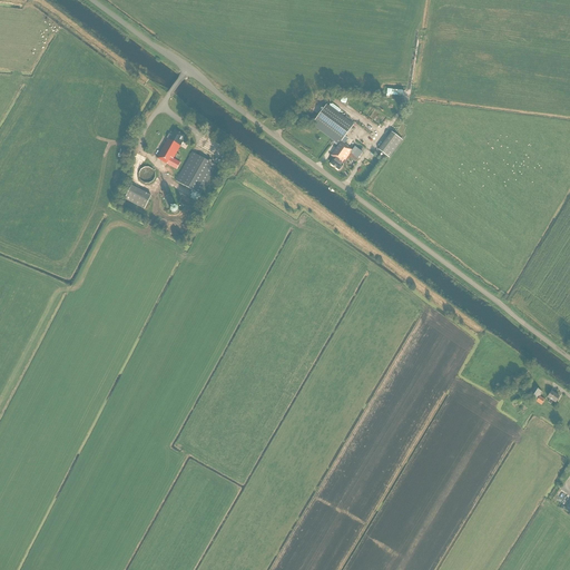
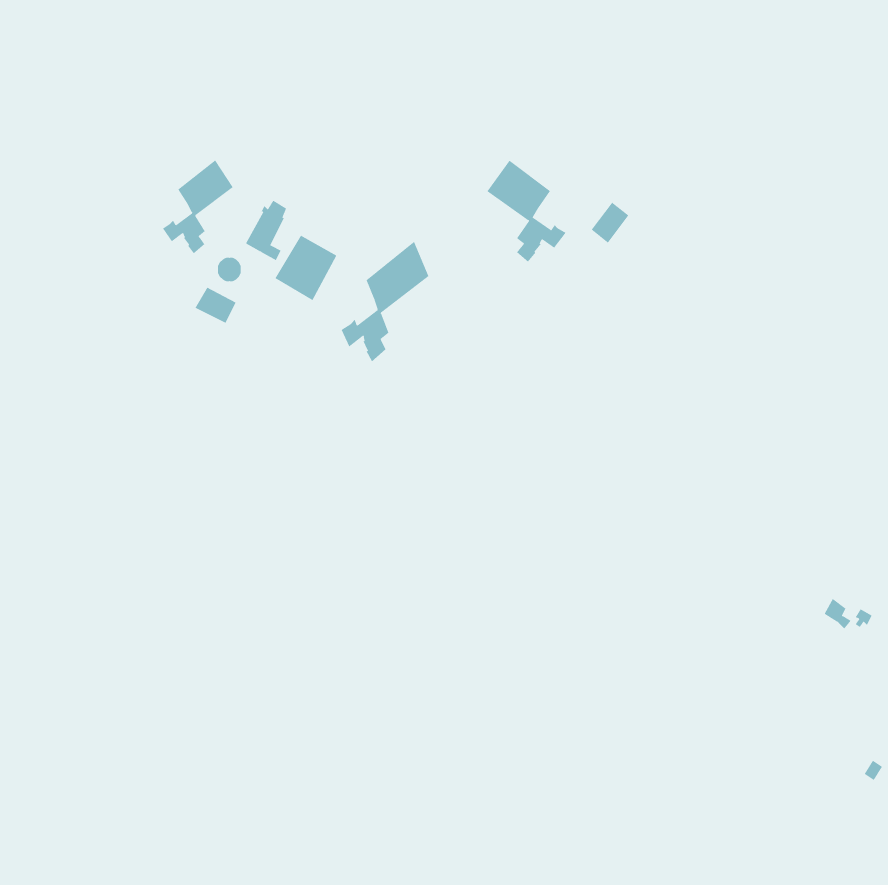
building: none -> [162,159,233,254]
building: none -> [341,241,429,362]

